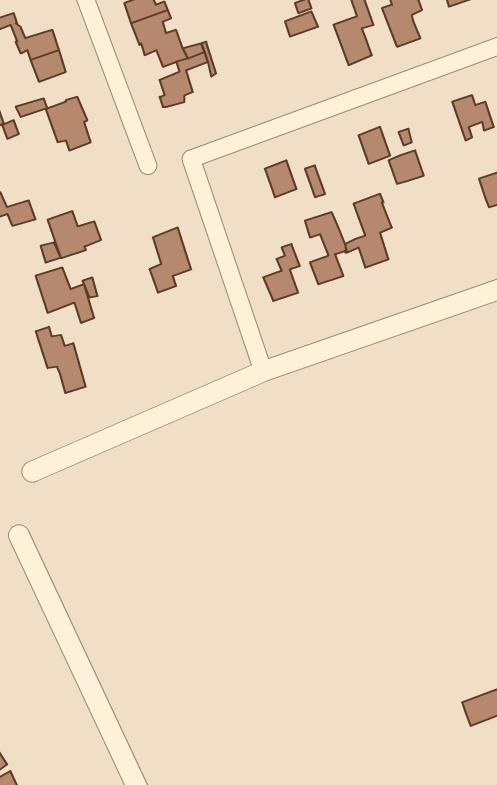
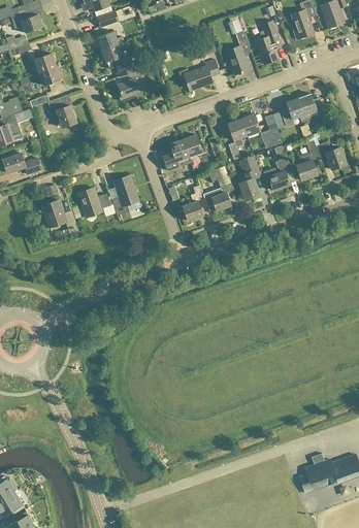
building: none -> [184,60,219,91]
building: none -> [282,98,306,127]
building: none -> [227,119,247,160]
building: none -> [295,135,319,180]
building: none -> [163,139,191,170]
building: none -> [263,158,292,190]
building: [48,211,101,258] -> [77,188,110,217]
building: [36,327,86,393] -> none

